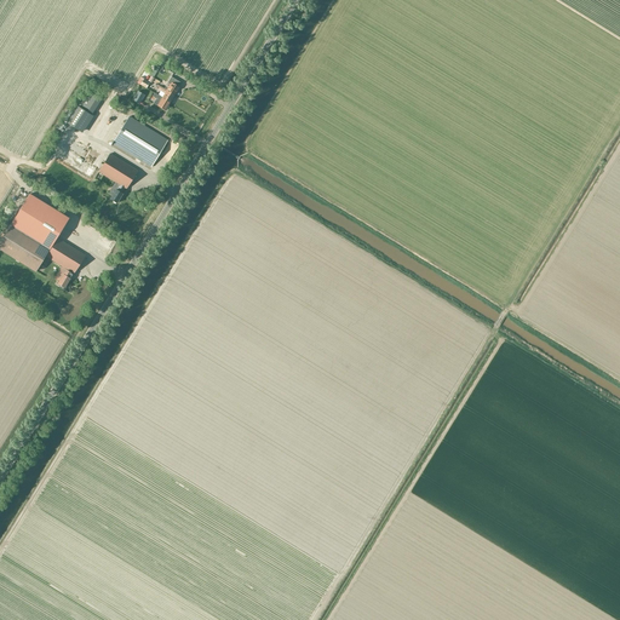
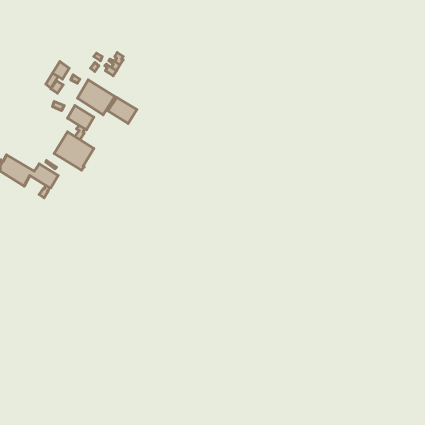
building: none -> [108,98,137,124]
building: [10,194,68,249] -> [54,132,94,170]

